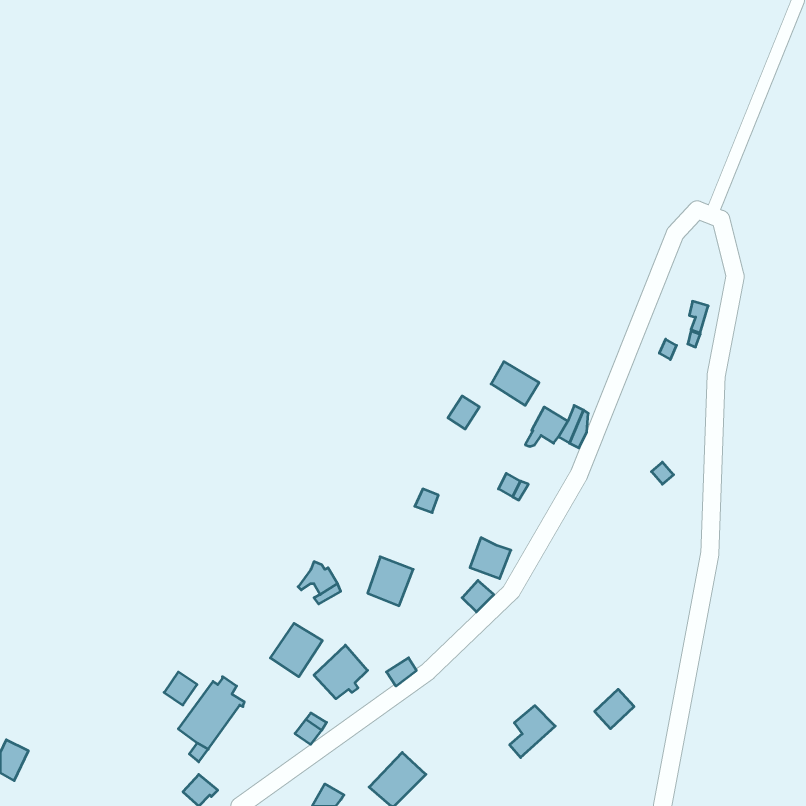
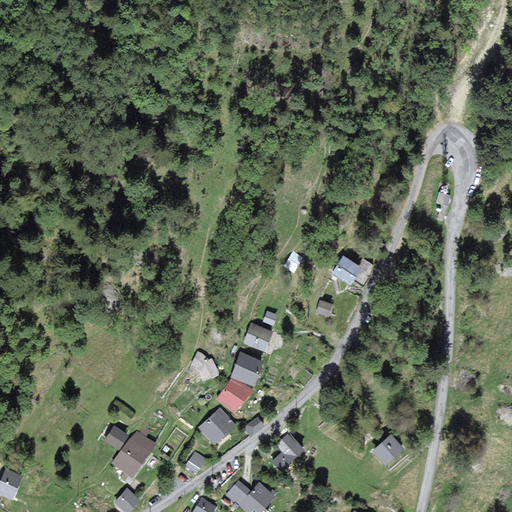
building: [491,362,539,405] -> none
building: [470,538,511,579] -> [244,324,270,350]
building: [270,623,322,677] -> [218,378,251,412]
building: [510,706,555,758] -> [273,436,302,469]

